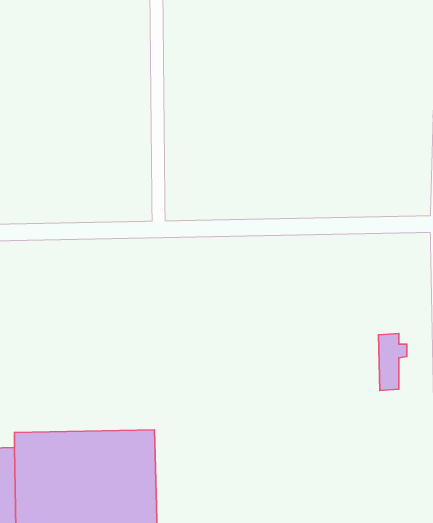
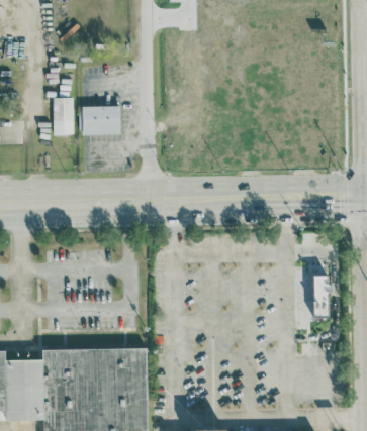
building: none -> [53,97,73,135]
building: none -> [82,105,119,134]

